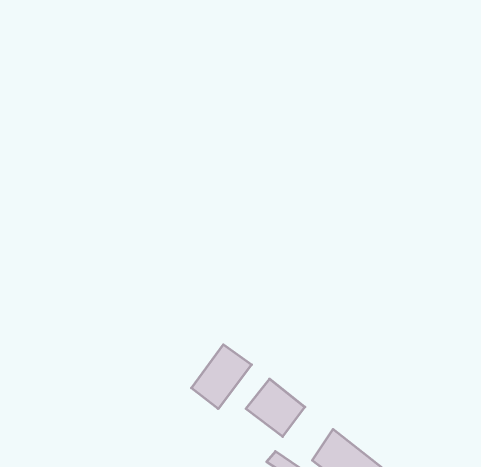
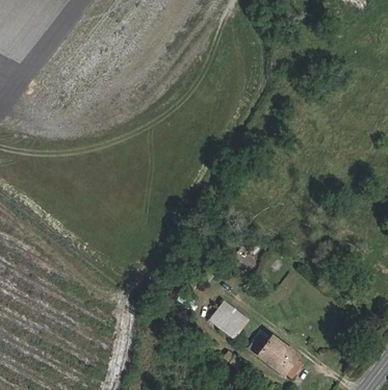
building: [191,345,252,409] -> none

